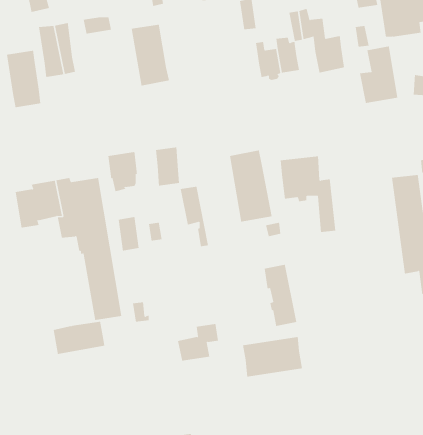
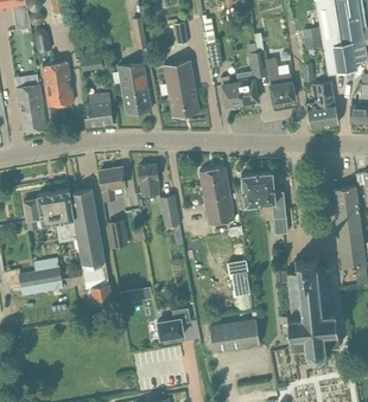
building: none -> [164,62,199,116]
building: none -> [83,92,113,127]
building: none -> [281,257,341,357]
building: [53,321,105,355] -> [19,268,62,295]

